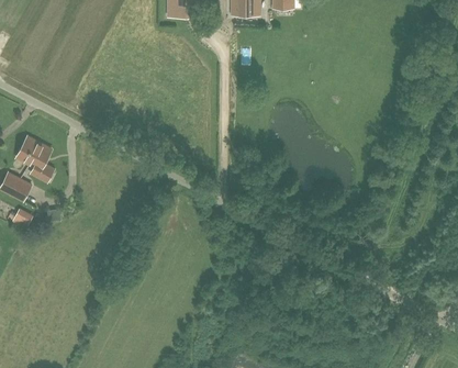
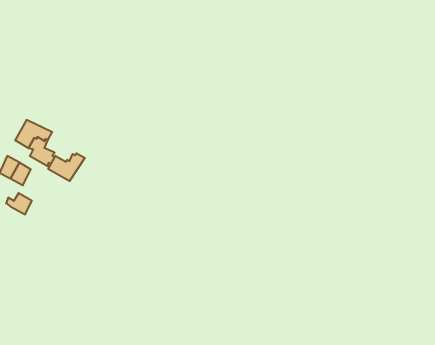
building: none -> [48,153,85,181]

